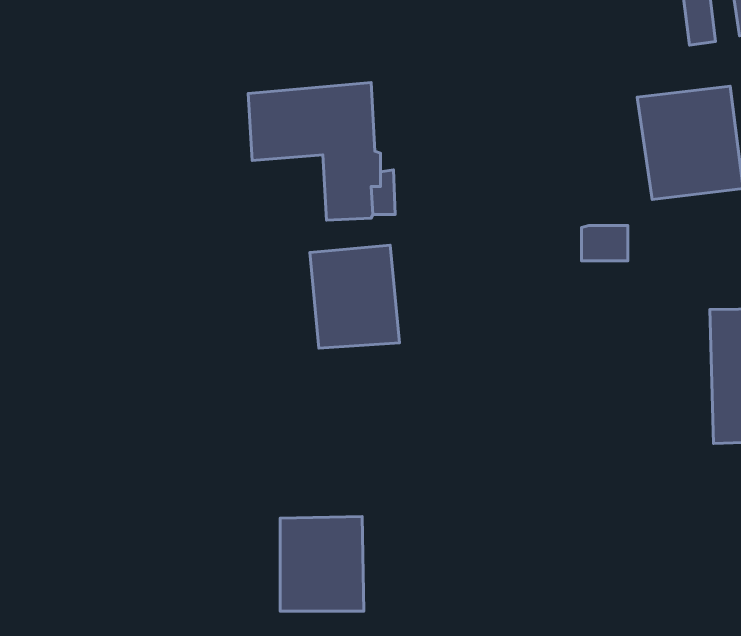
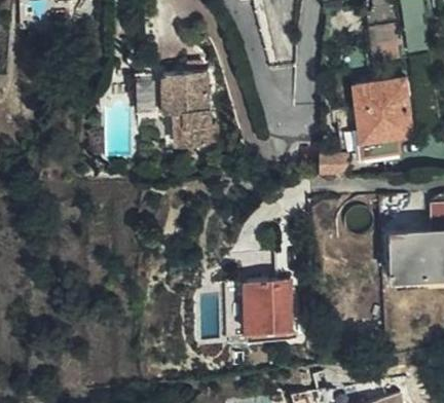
building: [310,245,400,348] -> none
building: [280,516,364,611] -> [229,284,275,336]

